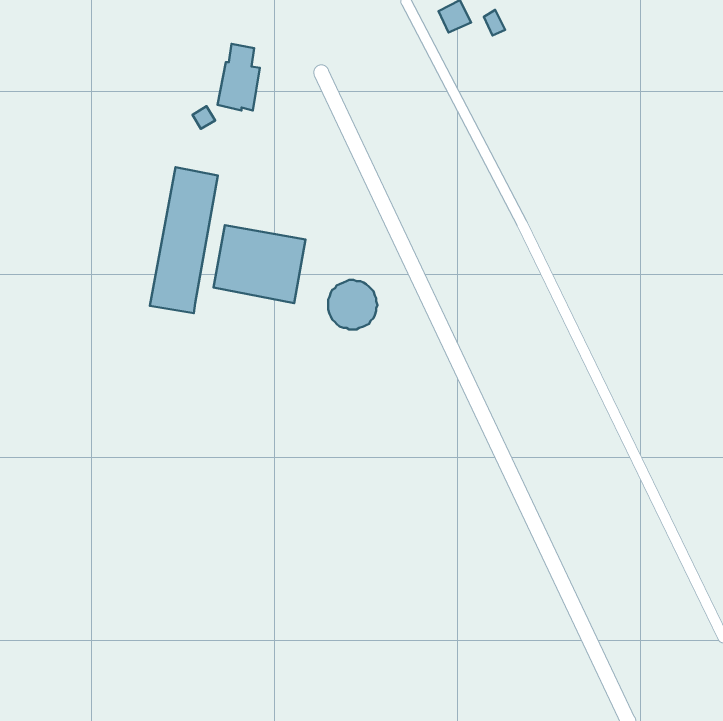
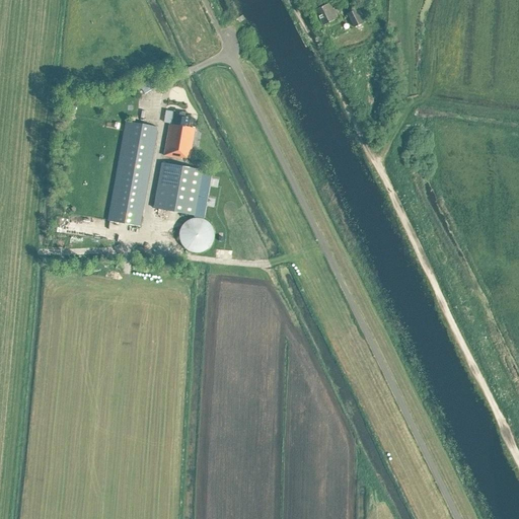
building: [218,44,260,110] -> [163,109,194,157]
building: [328,280,378,329] -> [178,216,214,251]

